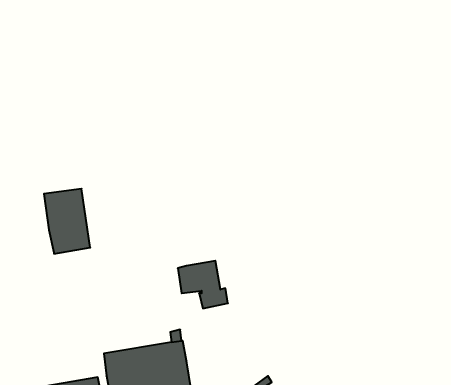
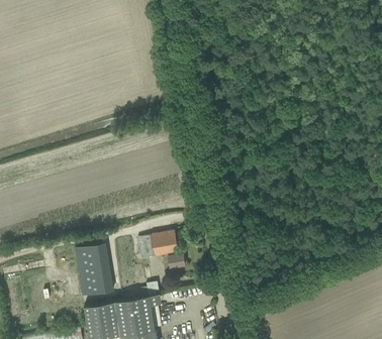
building: [44,189,90,254] -> [75,247,112,300]

